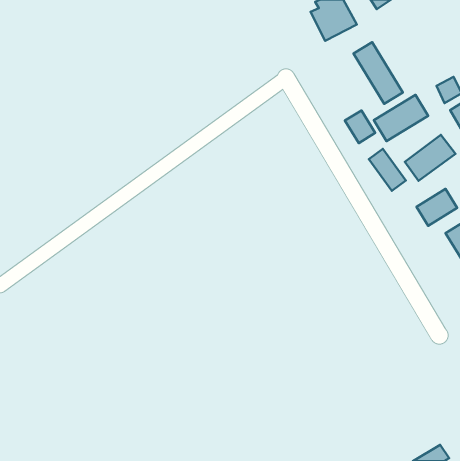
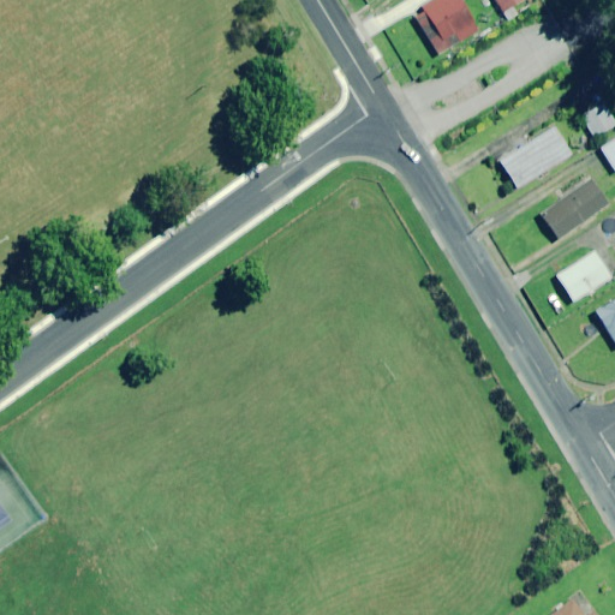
building: [354,42,403,104] -> none
building: [345,110,375,143] -> none
building: [369,149,406,191] -> none

